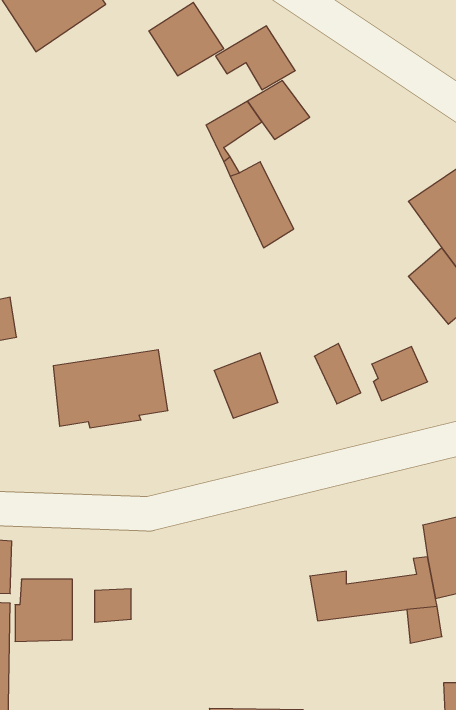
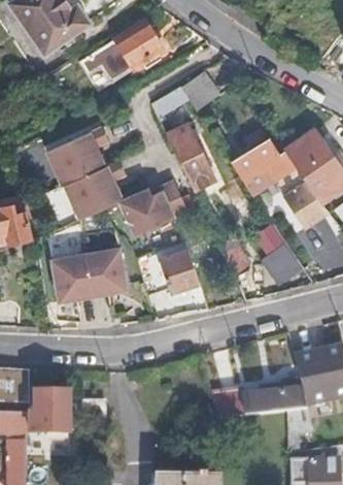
building: [216,26,295,90] -> [82,39,134,80]
building: none -> [53,123,193,235]
building: none -> [230,133,294,193]

